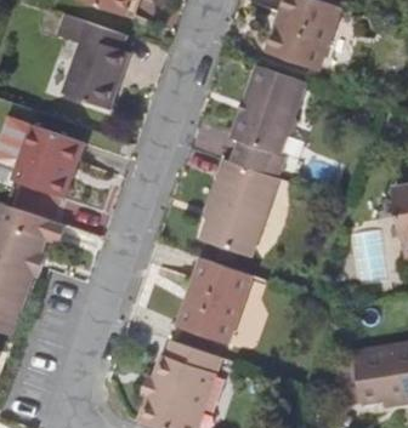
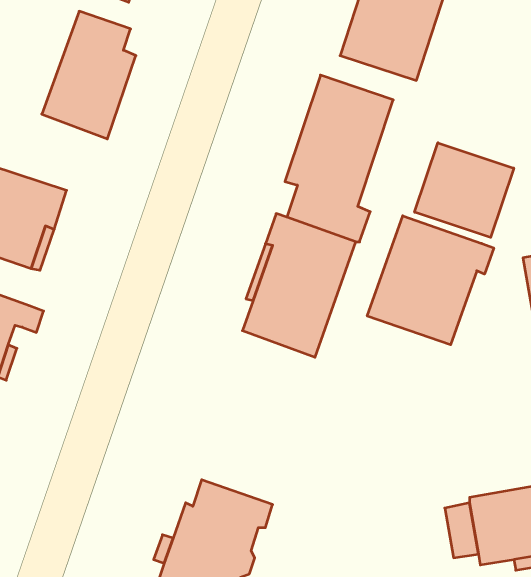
building: none -> [415,143,514,237]
building: none -> [367,216,494,345]
building: [182,259,254,346] -> none

